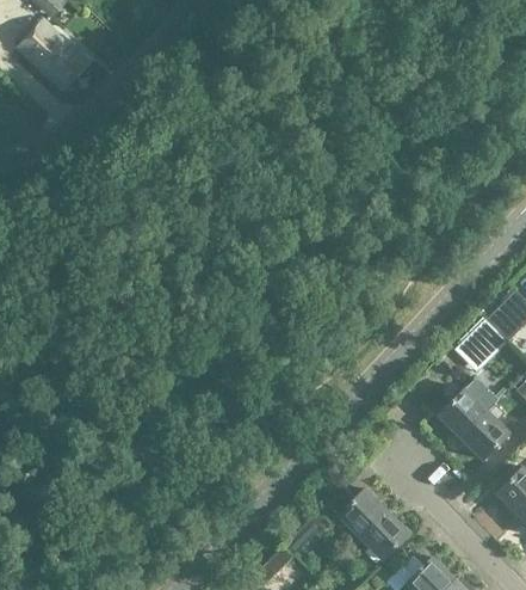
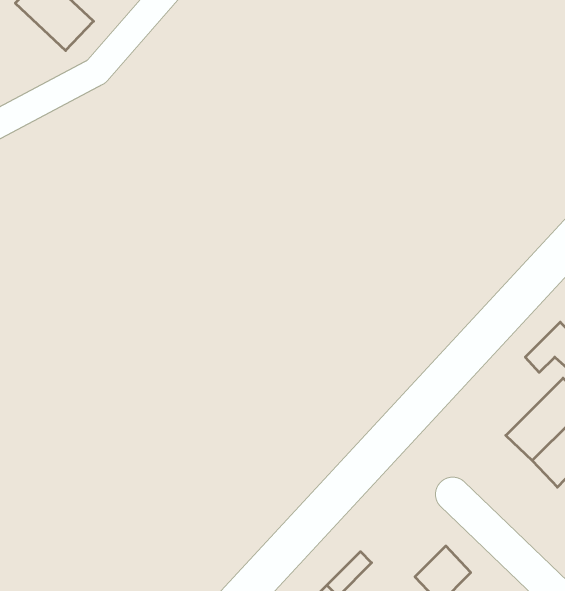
building: [338,488,386,537] -> none

